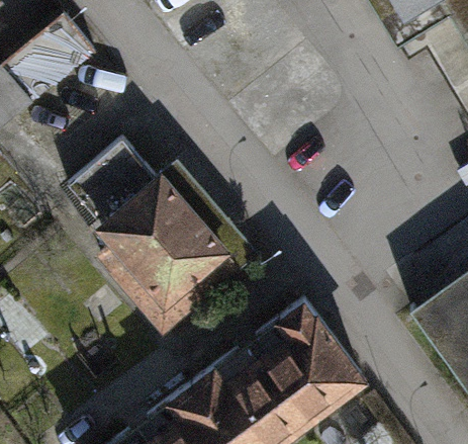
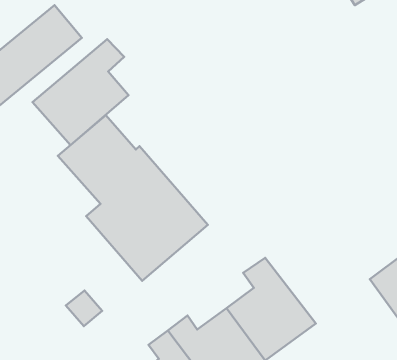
building: none -> [33,39,129,145]

